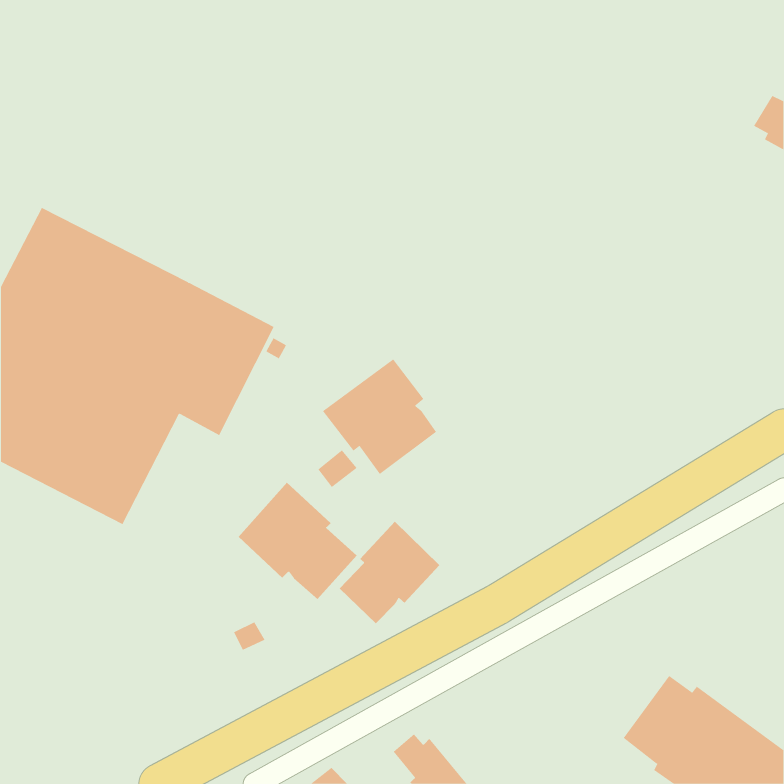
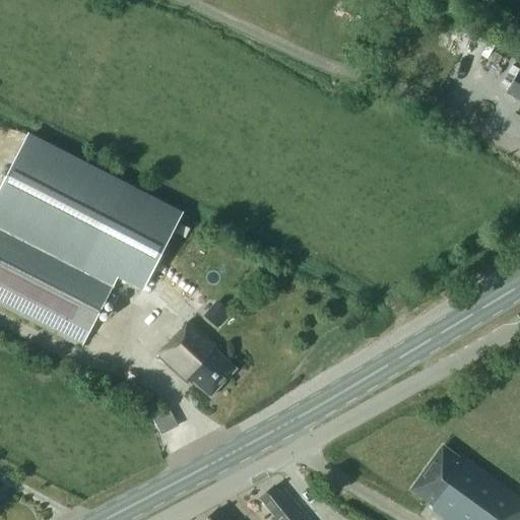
building: [322,359,437,475] -> none
building: [339,521,440,624] -> none

